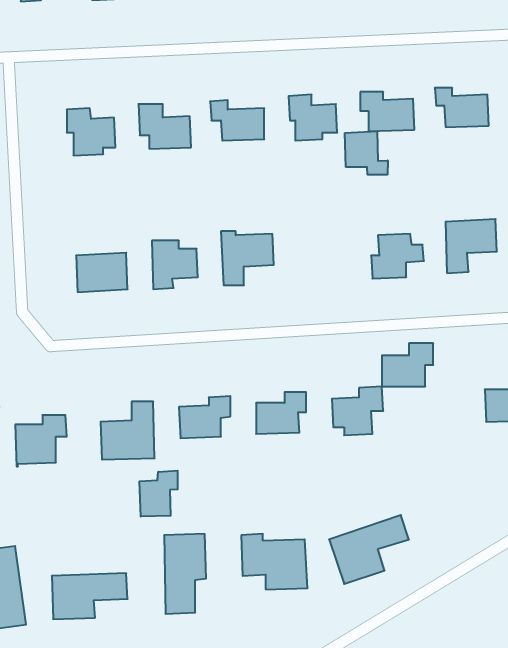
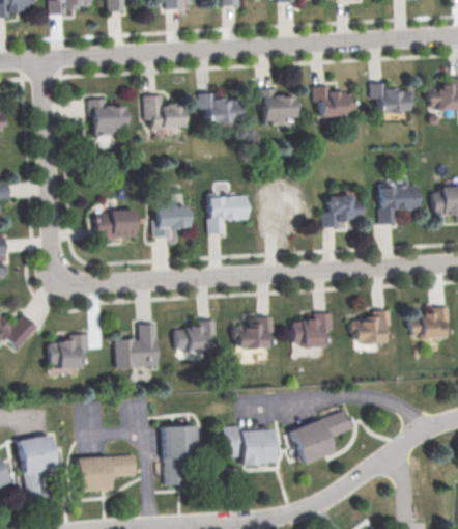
building: [345,131,388,175] -> none
building: [382,343,433,386] -> [351,310,391,343]
building: [140,471,178,517] -> none

